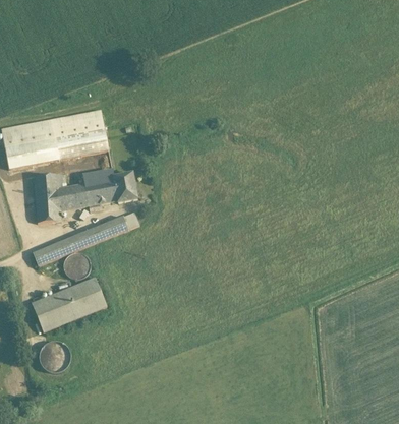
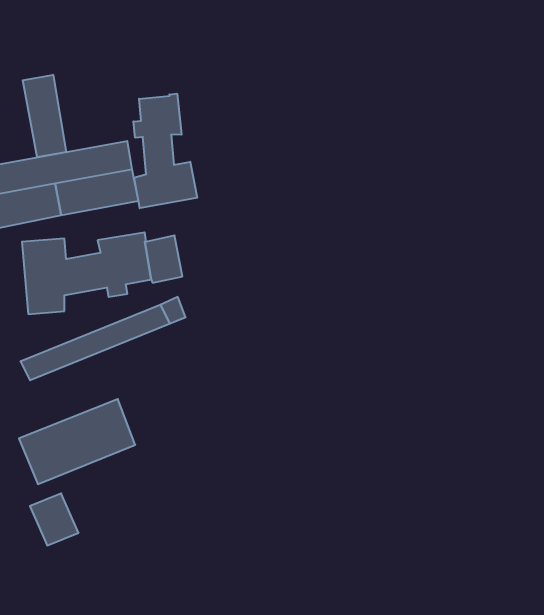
building: none -> [23,75,66,157]
building: none -> [133,94,197,208]
building: [62,253,90,280] -> none

